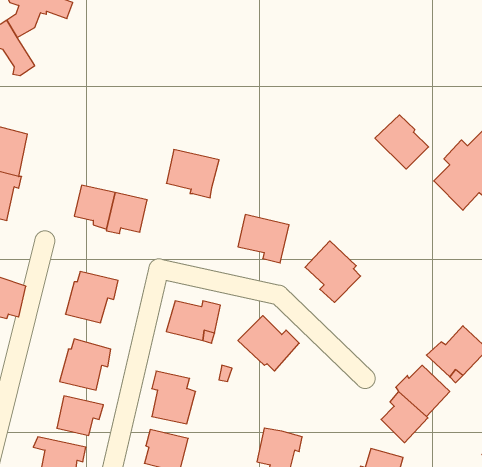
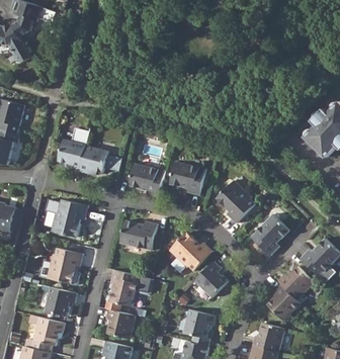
building: [375,115,429,169] -> none
building: [166,150,219,198] -> [128,163,164,196]
building: none -> [251,213,288,254]
building: none -> [194,260,228,296]

